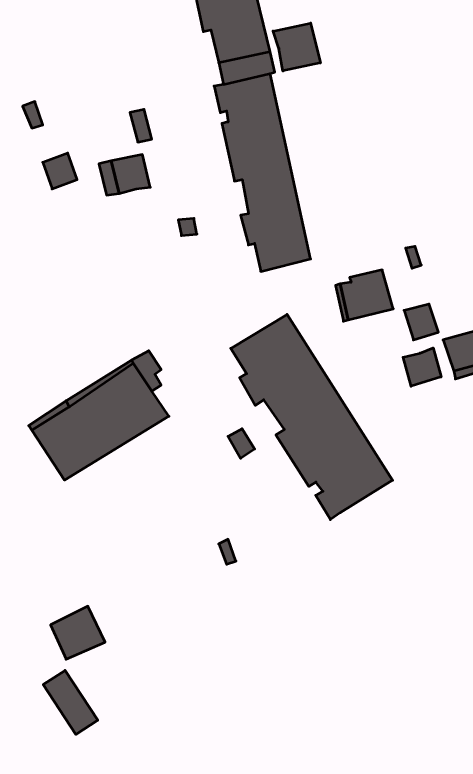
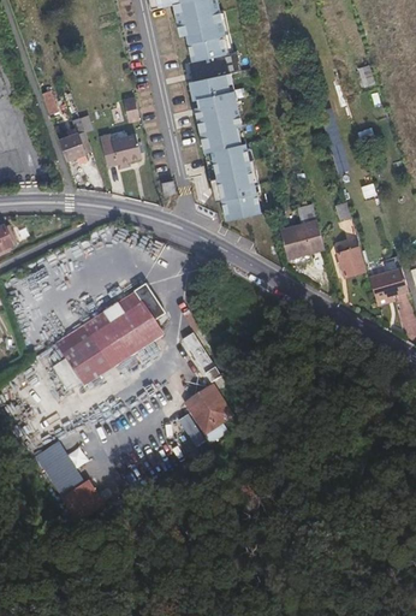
building: [273,23,320,71] -> none
building: [231,314,393,520] -> none
building: [403,348,441,386] -> none
building: none -> [188,380,232,428]
building: [43,670,98,734] -> [37,443,79,492]

